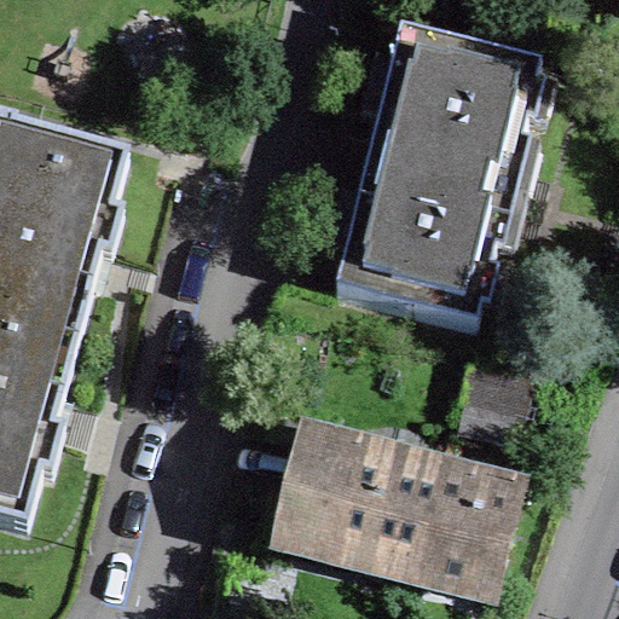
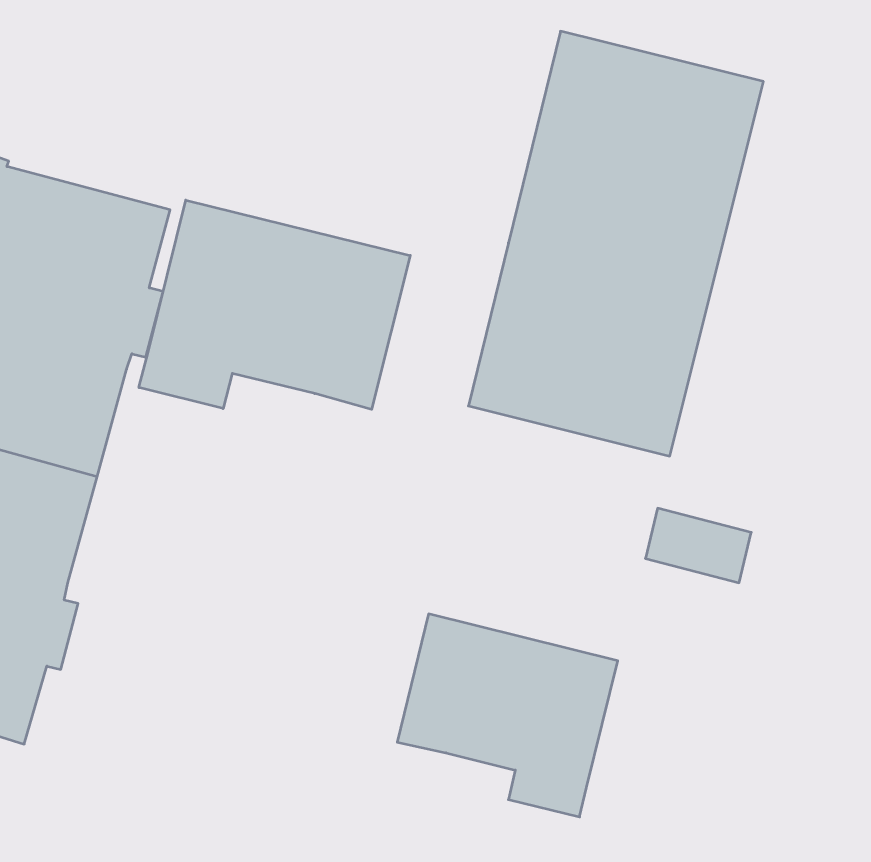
building: none -> [139,200,410,409]
building: [409,461,507,568] -> none

